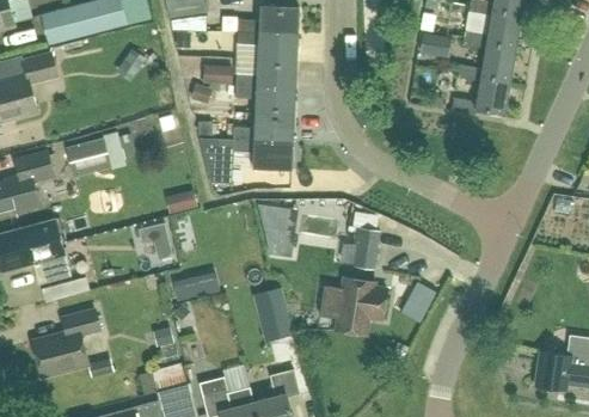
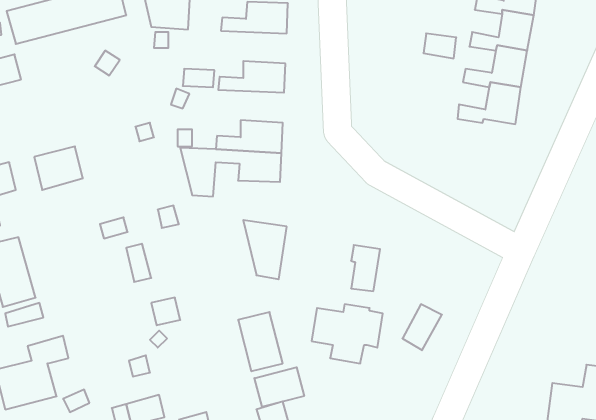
building: [237,31,296,61] -> none
building: [234,85,294,115] -> none
building: none -> [254,367,304,407]

